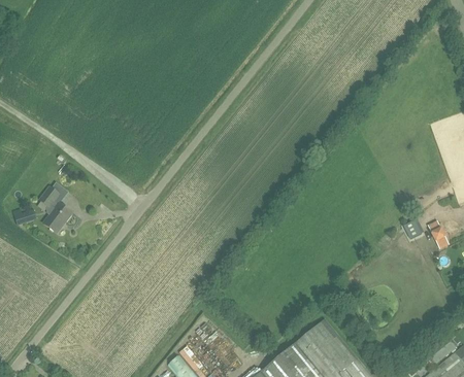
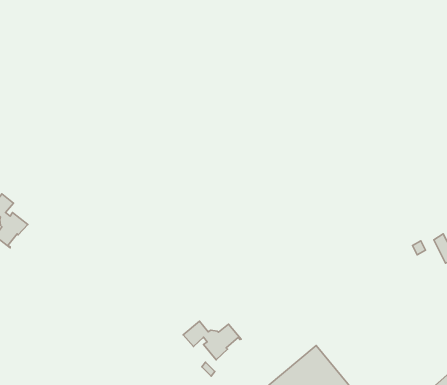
building: none -> [183,321,241,360]

